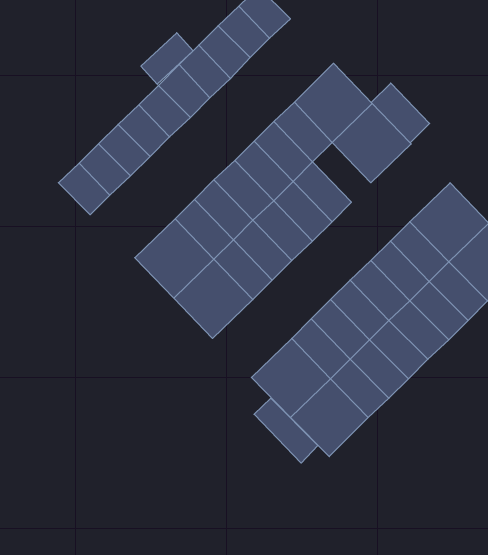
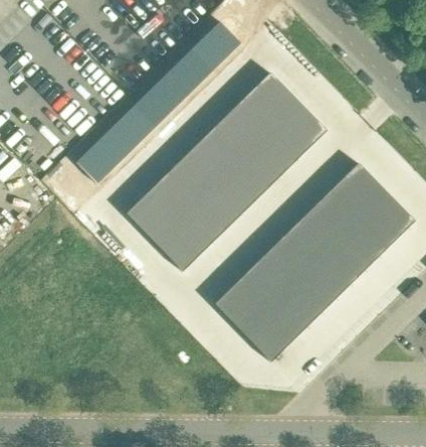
building: [141,33,193,84] -> none
building: [371,83,430,143] -> [258,132,300,175]
building: [254,398,318,463] -> none

